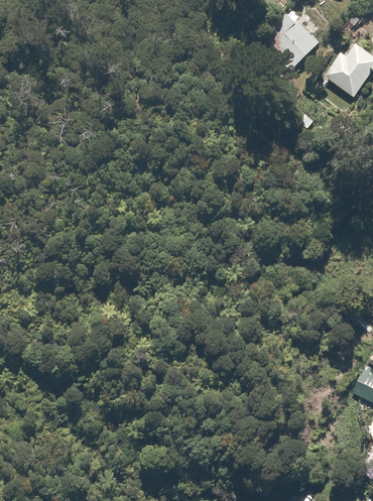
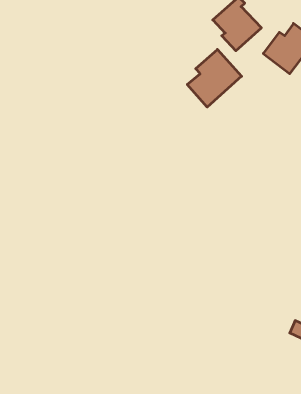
building: none -> [187,49,242,107]

